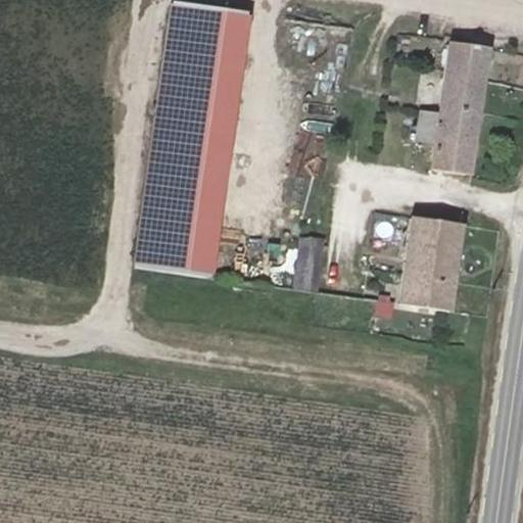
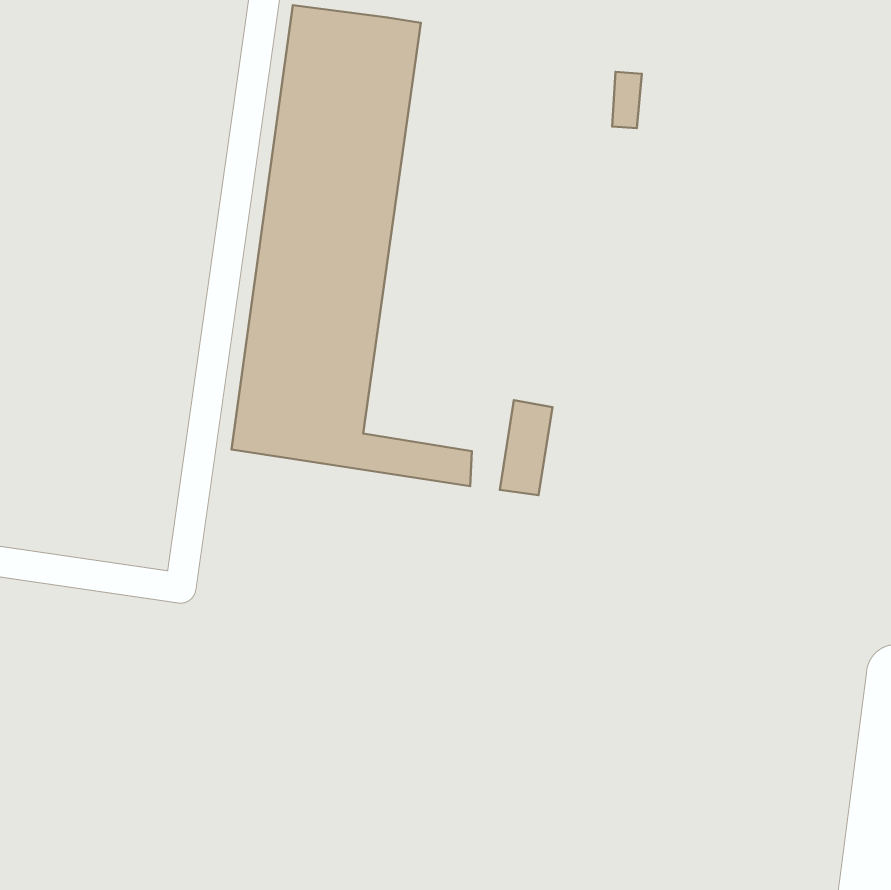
building: [431,42,489,170] -> none
building: [399,218,464,308] -> none

